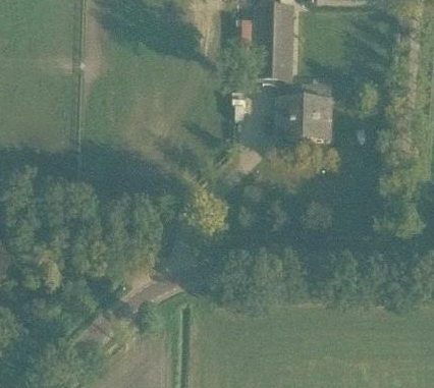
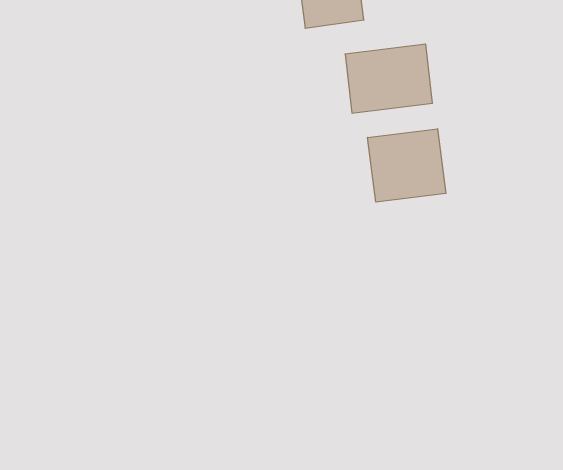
building: none -> [368,129,446,202]

